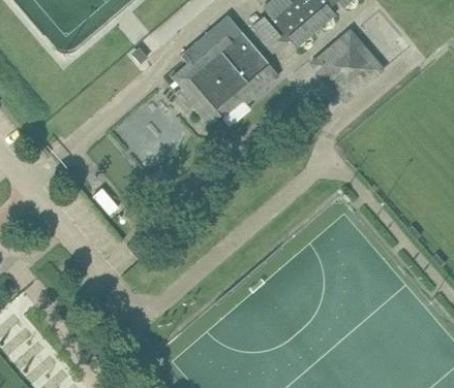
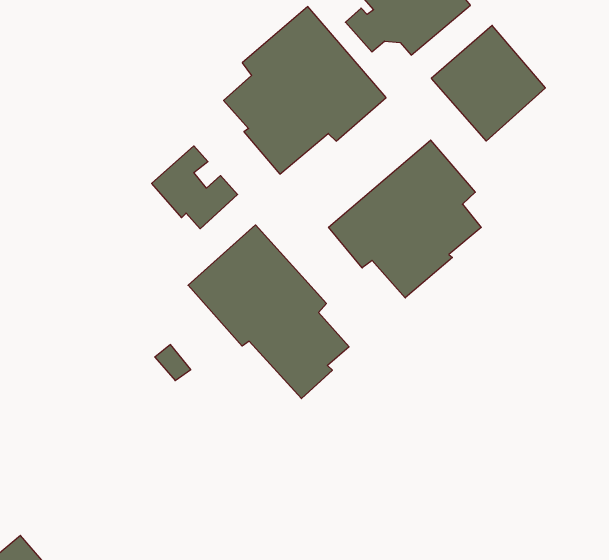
building: none -> [329,140,481,298]
building: none -> [188,225,349,399]

